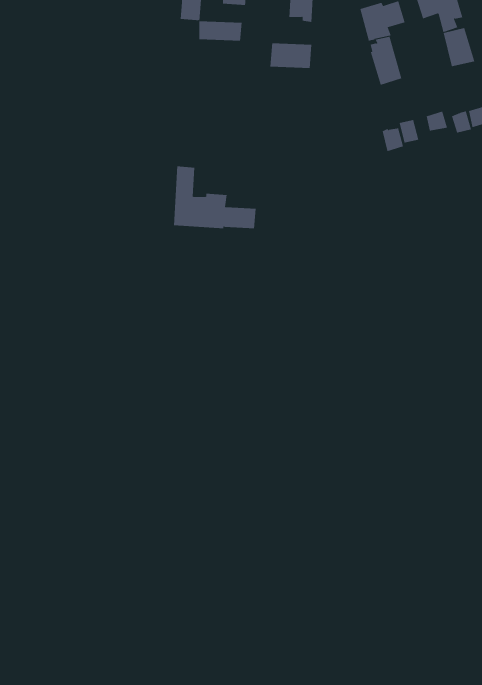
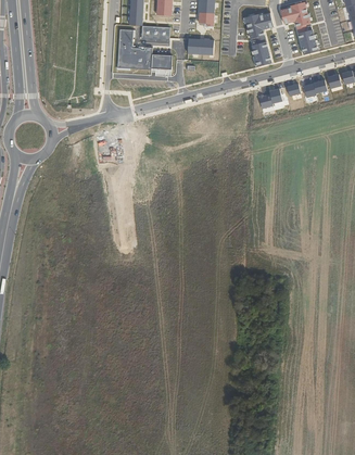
building: [173,166,256,229] -> [117,28,170,68]

